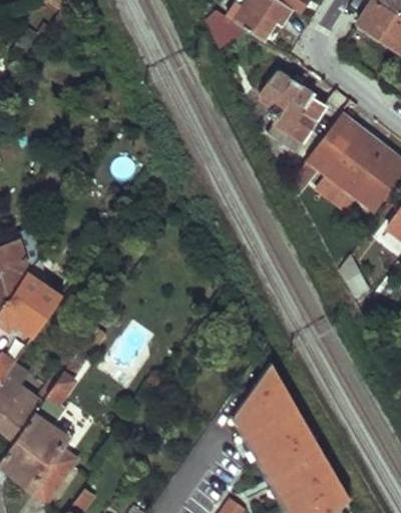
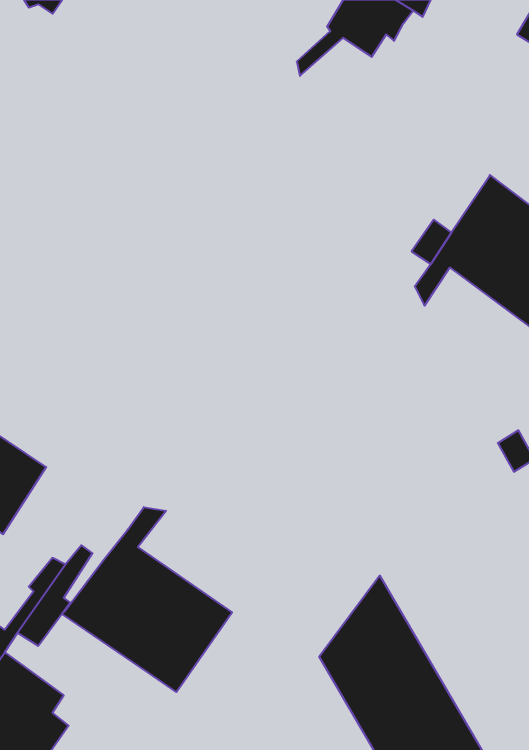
building: [261,68,350,149] -> none
building: none -> [62,507,232,692]

